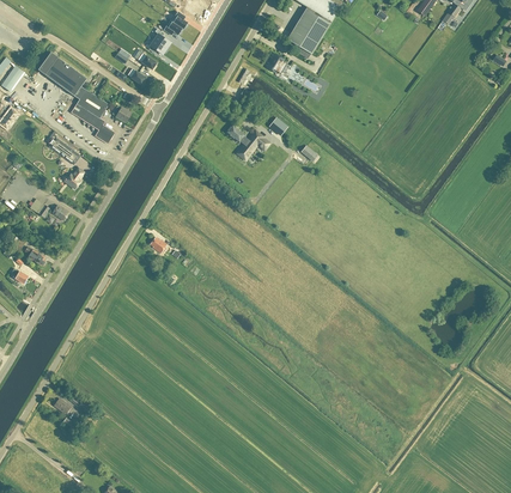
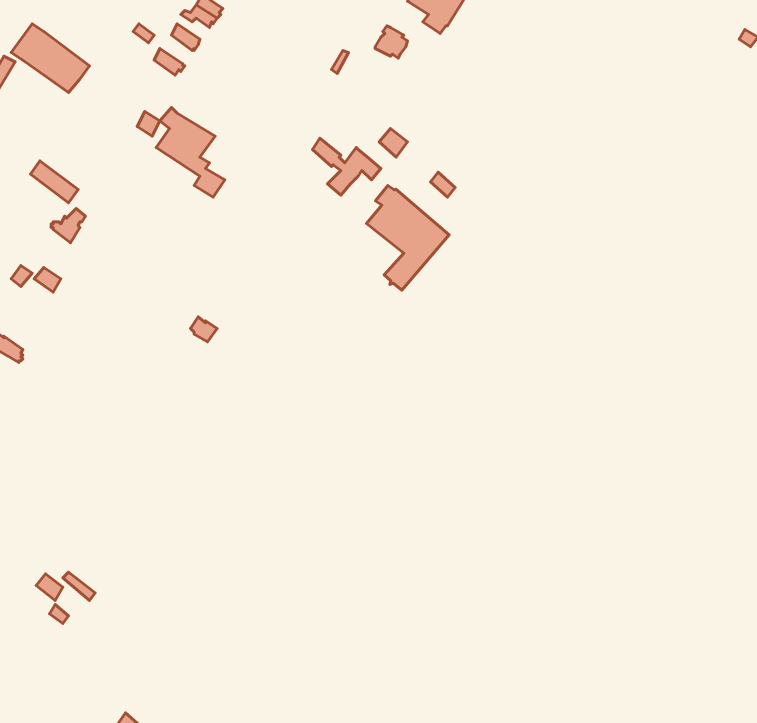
building: [71,86,114,142] -> [156,108,225,197]
building: none -> [367,186,449,290]

